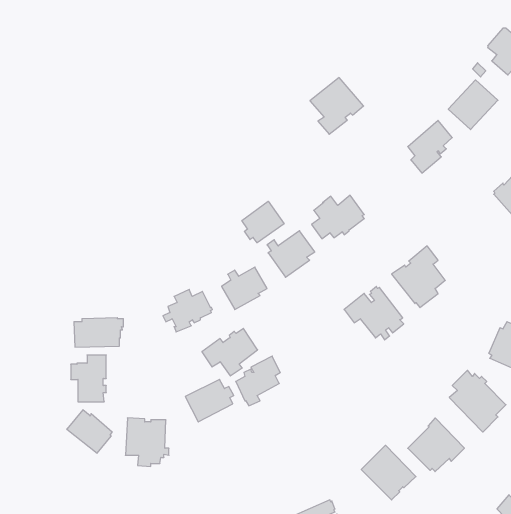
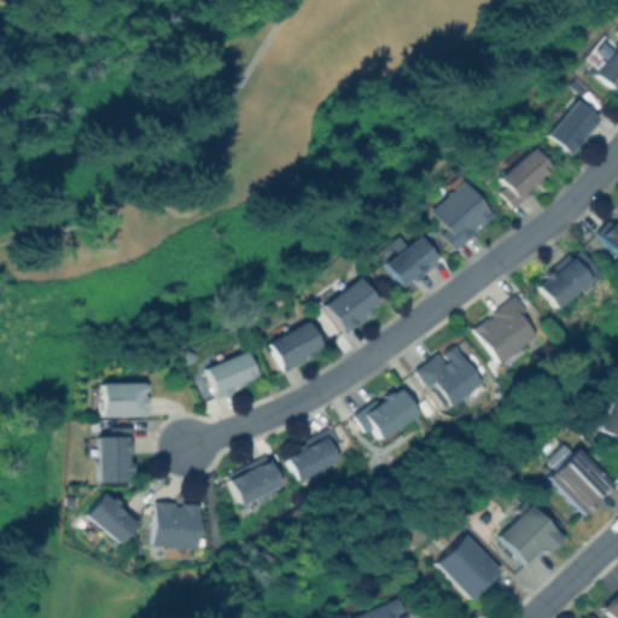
building: [310,78,364,134] -> [437,182,501,250]
building: [242,201,284,243] -> none
building: none -> [535,256,590,310]
building: [202,328,258,376] -> [355,390,421,447]

